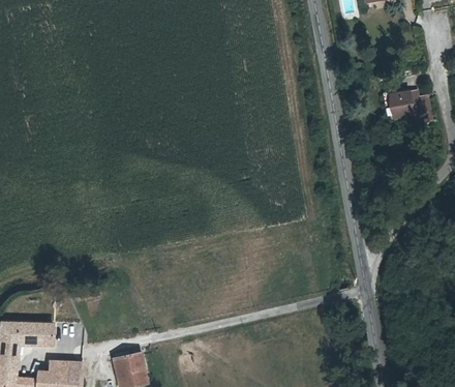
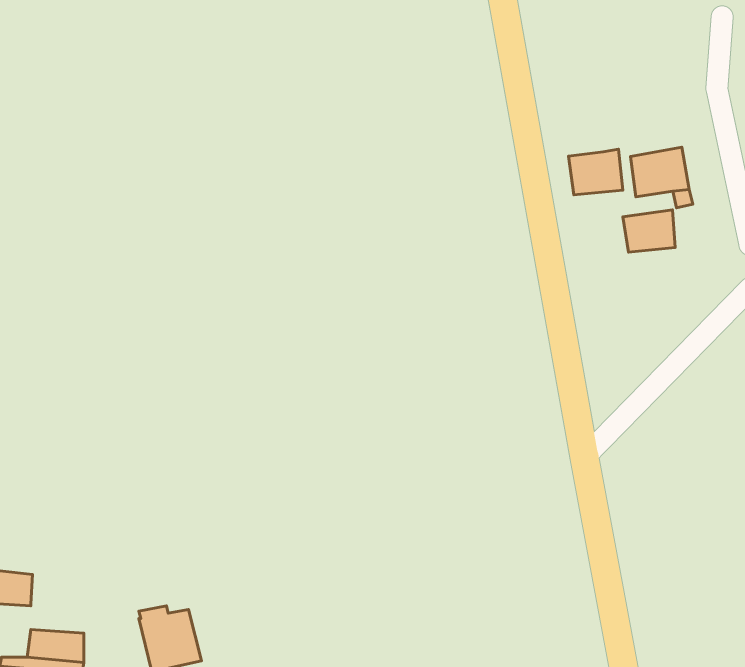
building: none -> [569,149,623,195]
building: none -> [623,210,675,252]

